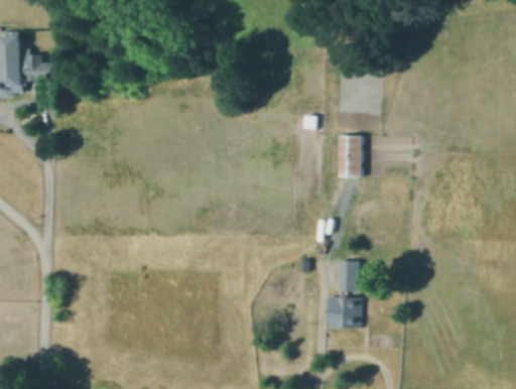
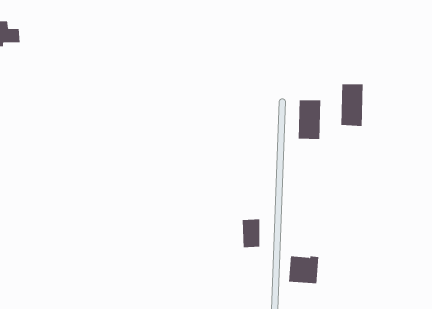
building: none -> [341,83,363,127]
building: [339,262,358,292] -> [242,219,260,248]

